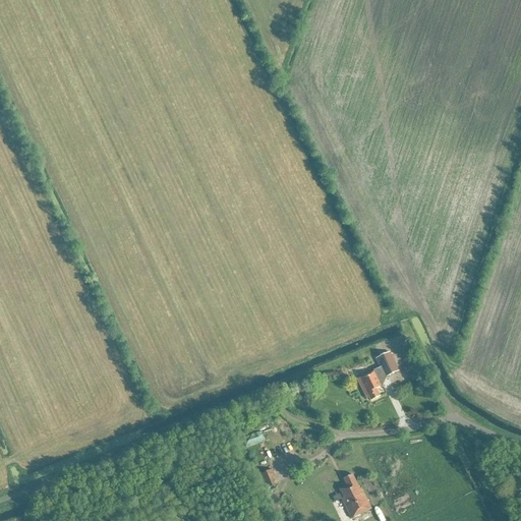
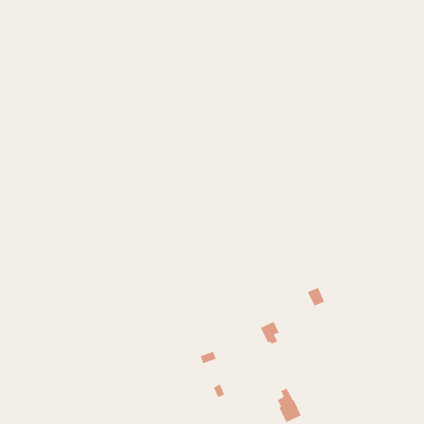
building: [358,369,383,399] -> [260,321,280,345]

